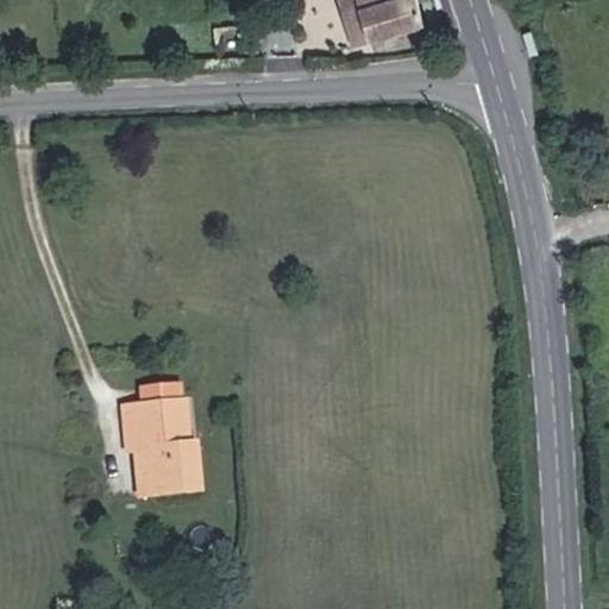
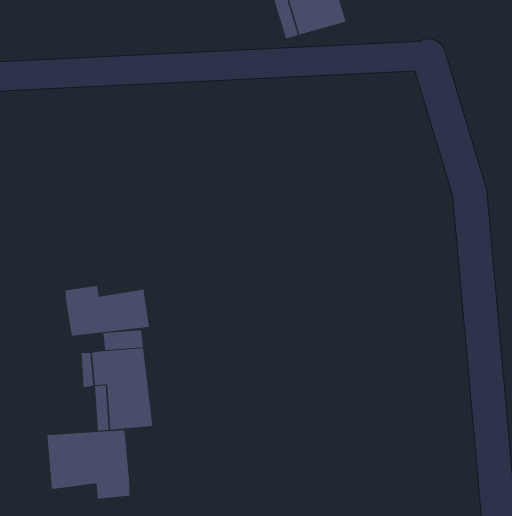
building: none -> [65,285,149,337]
building: none -> [47,429,130,500]

